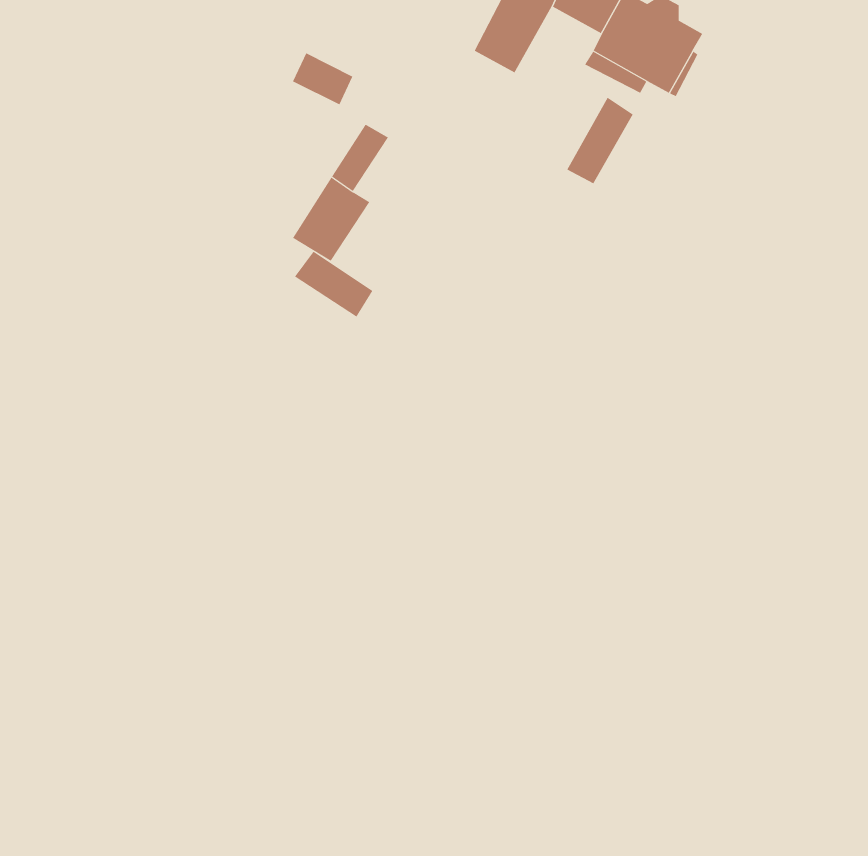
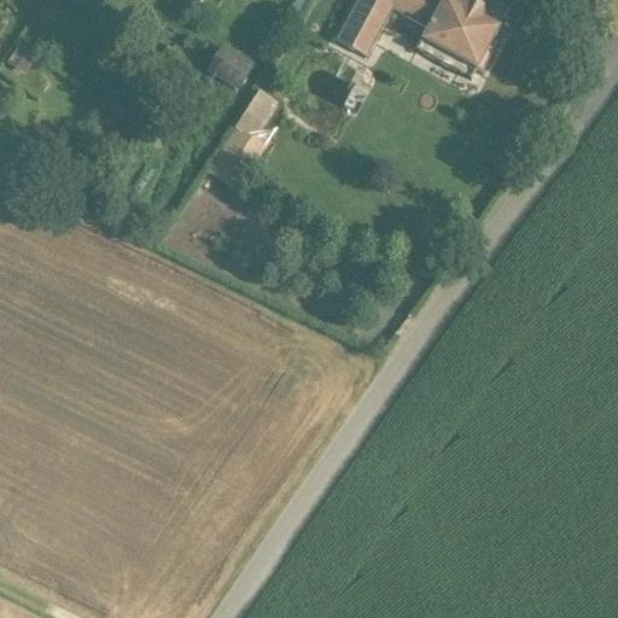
building: [566,97,634,184] -> none
building: [294,251,373,318] -> none

